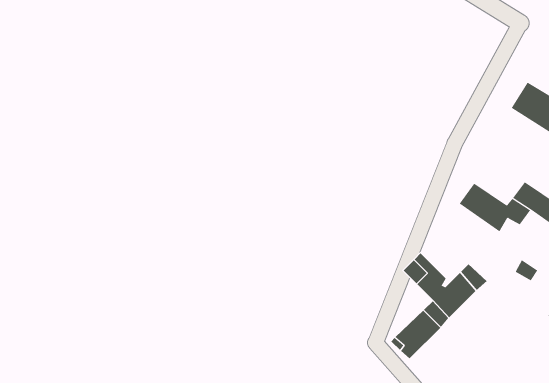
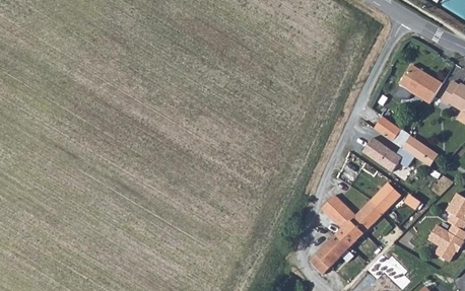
building: none -> [373,116,401,141]
building: none -> [370,181,400,212]

